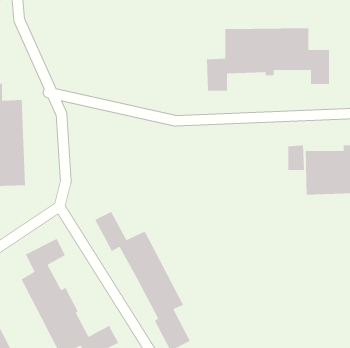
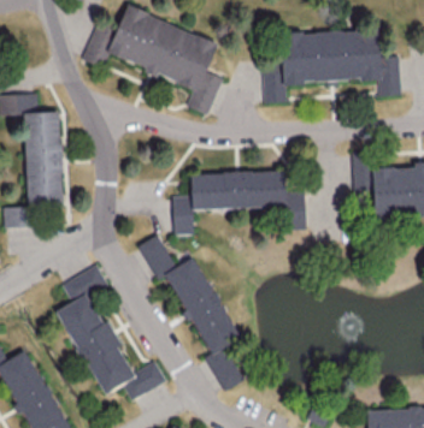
building: none -> [82,7,223,114]
building: none -> [172,171,305,234]

